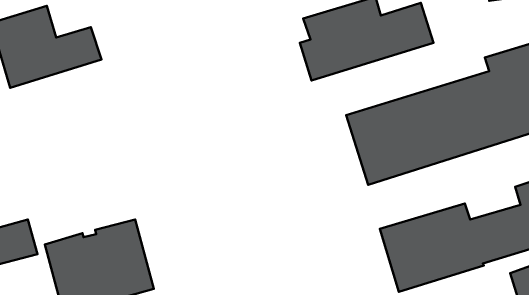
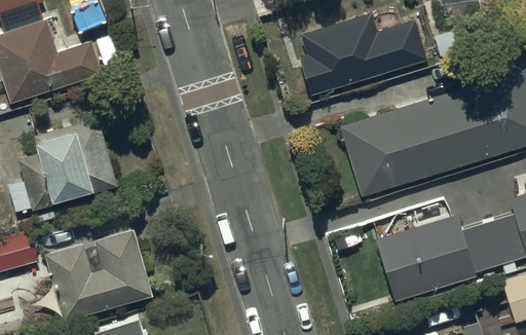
building: none -> [8,118,119,219]

